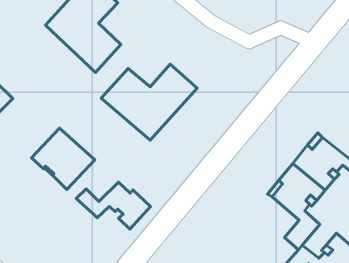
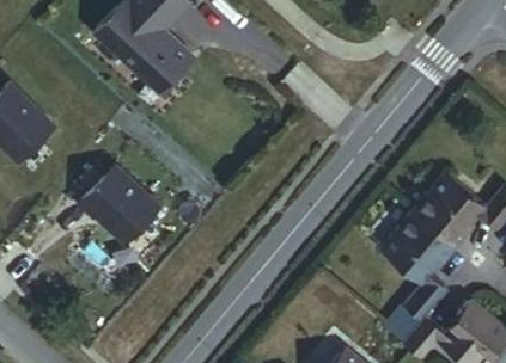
building: [101,64,197,140] -> none
building: [76,182,151,229] -> none

